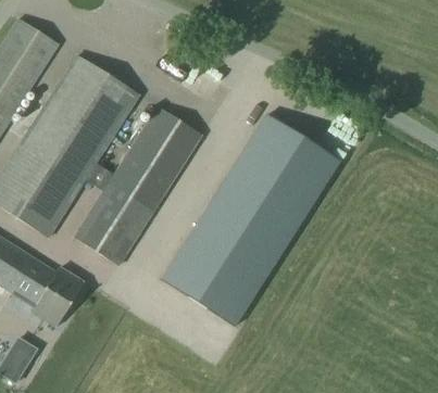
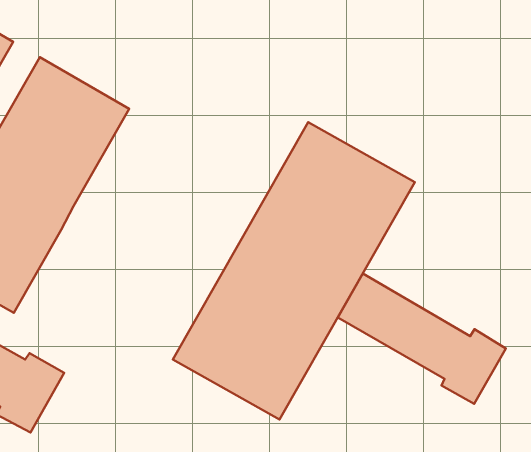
building: [75,109,201,266] -> none
building: none -> [338,273,506,404]

